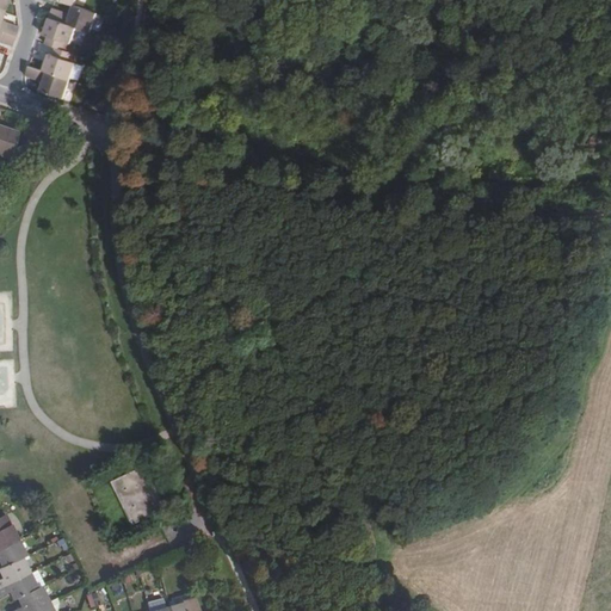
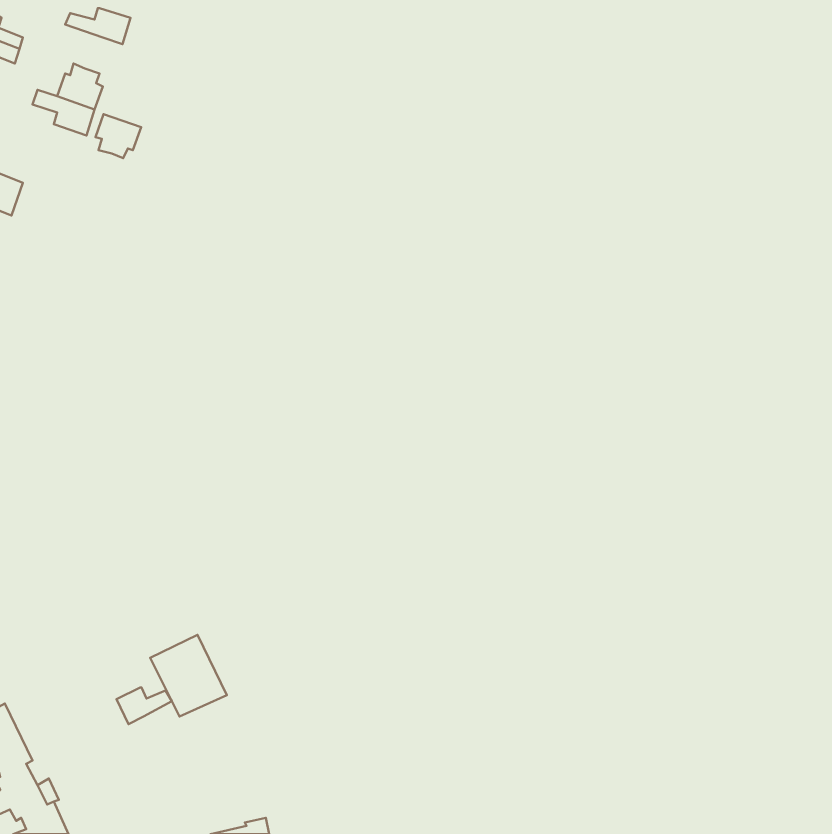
building: [42,18,75,50] -> [95,114,141,158]
building: none -> [116,688,172,724]

